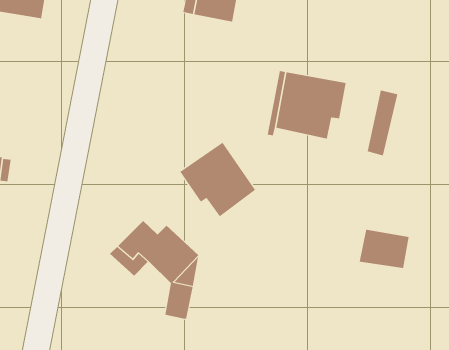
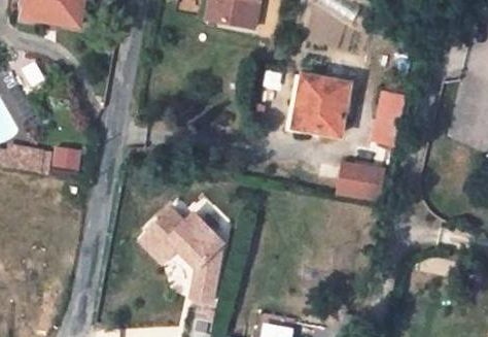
building: [179,142,256,217] -> none
building: [359,229,409,268] -> [334,162,380,198]

